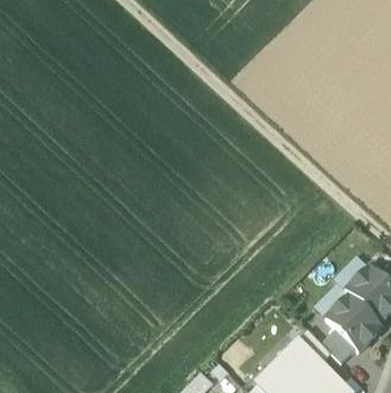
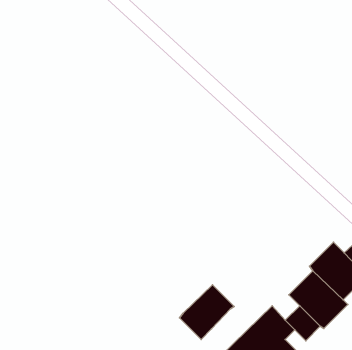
building: none -> [180,285,234,339]

